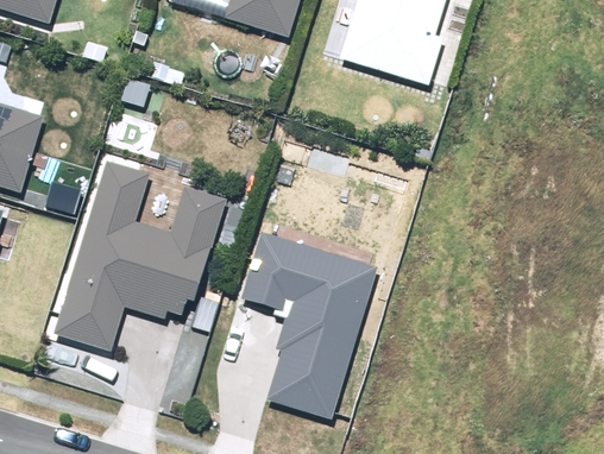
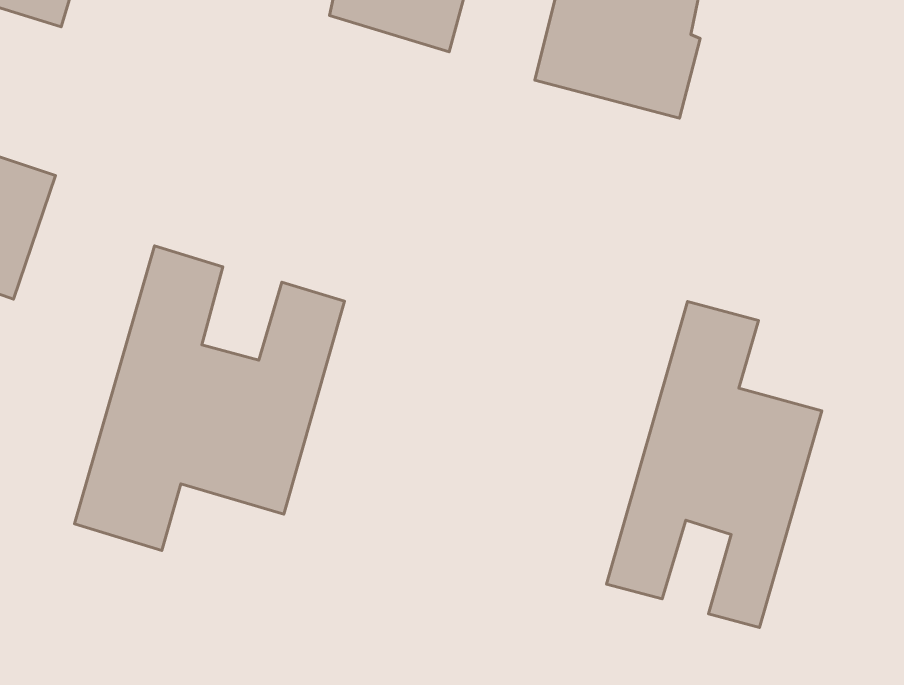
building: none -> [607,302,822,627]
building: [238,229,376,417] -> none

